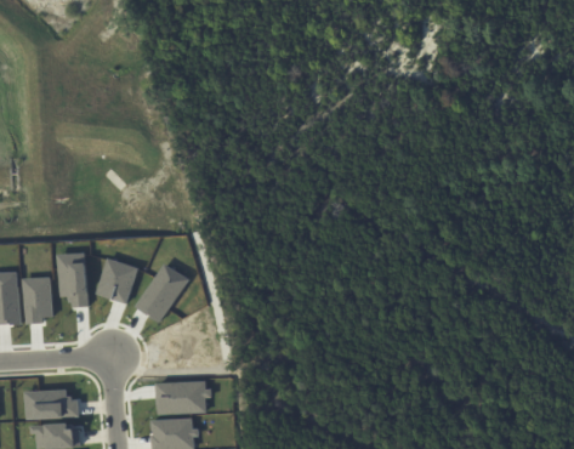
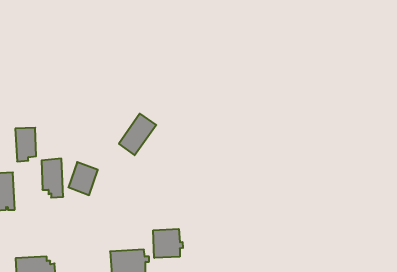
building: [133,263,186,322] -> [119,114,156,155]
building: [24,277,53,324] -> [15,128,36,161]
building: none -> [153,229,183,258]

